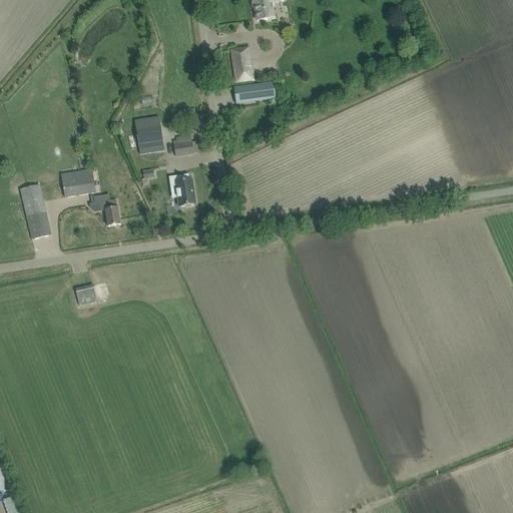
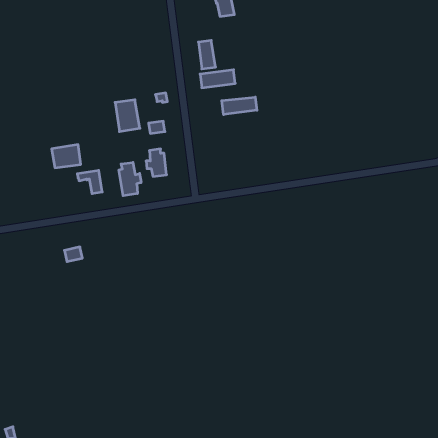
building: none -> [222,97,257,115]
building: [19,183,50,238] -> none
building: none -> [119,162,141,196]

